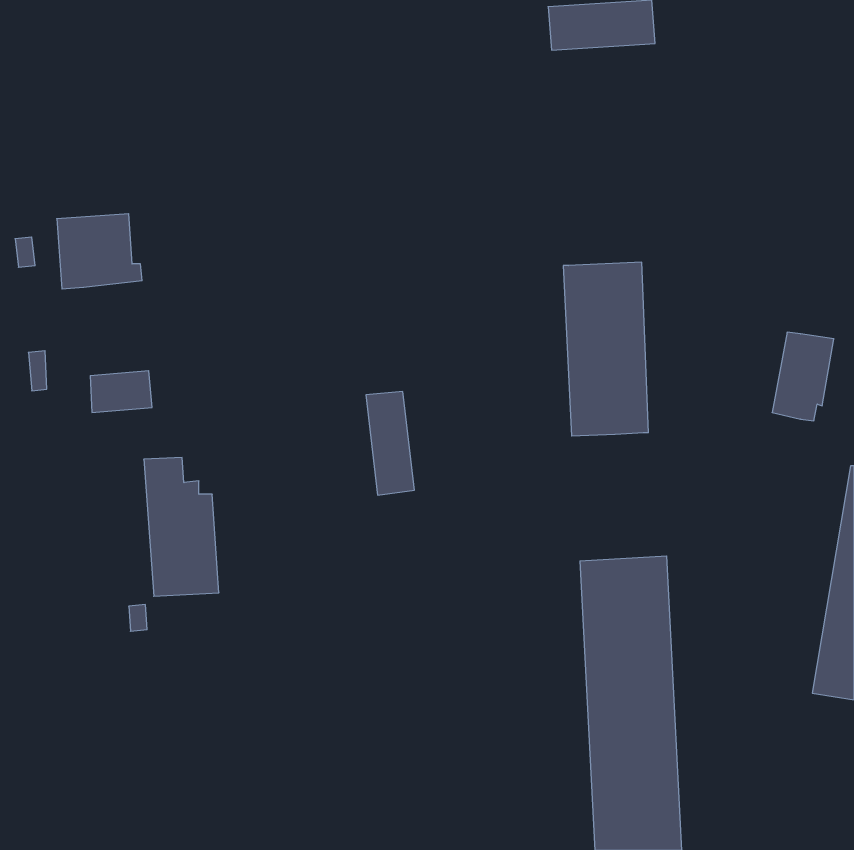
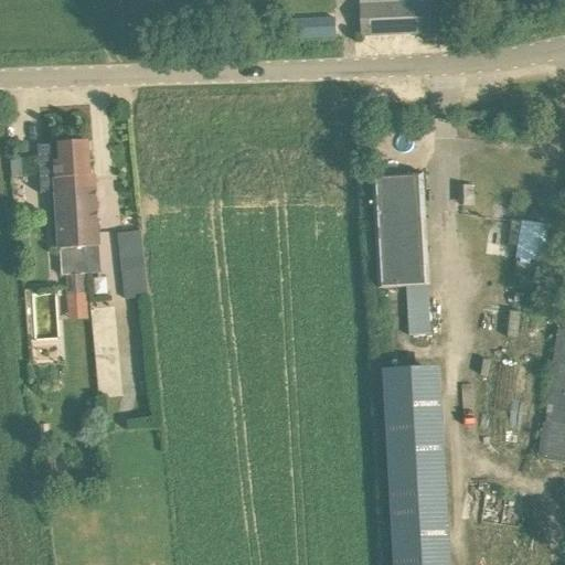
building: none -> [288,17,333,39]
building: none -> [55,185,98,248]
building: [366,392,414,495] -> [118,232,150,300]
building: none -> [65,273,88,318]
building: none -> [406,286,431,334]

